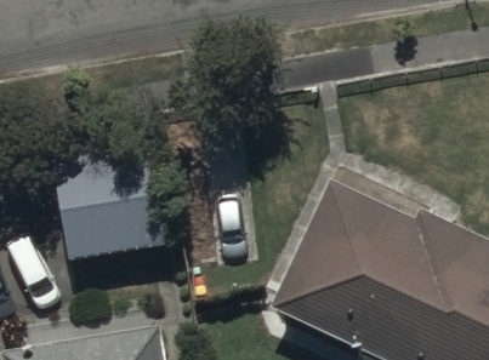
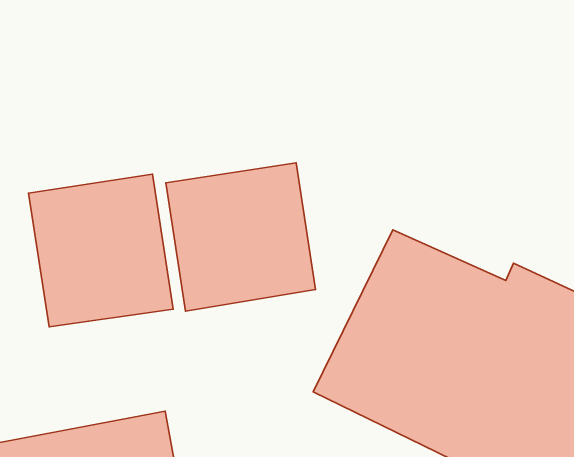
building: none -> [166,163,315,311]

